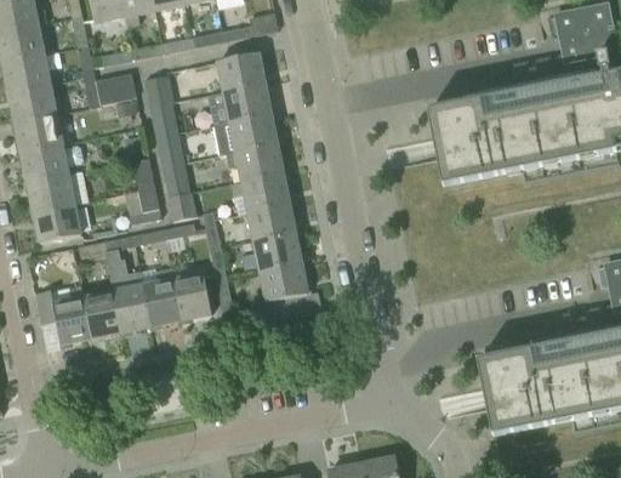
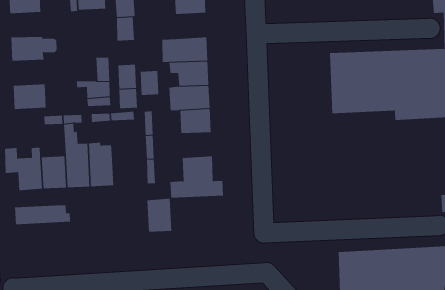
building: [224,81,269,120] -> none
building: [15,113,62,150] -> none
building: [155,130,184,165] -> [140,70,159,96]
building: [27,170,87,211] -> none
building: [255,232,300,269] -> none
building: [172,271,211,318] -> [146,198,172,232]
building: none -> [14,204,70,225]

